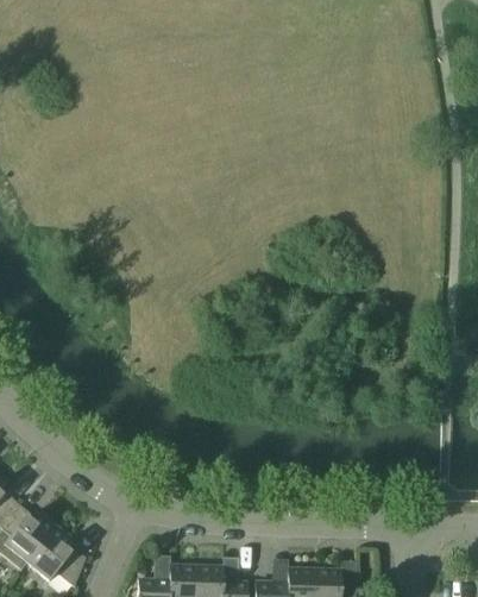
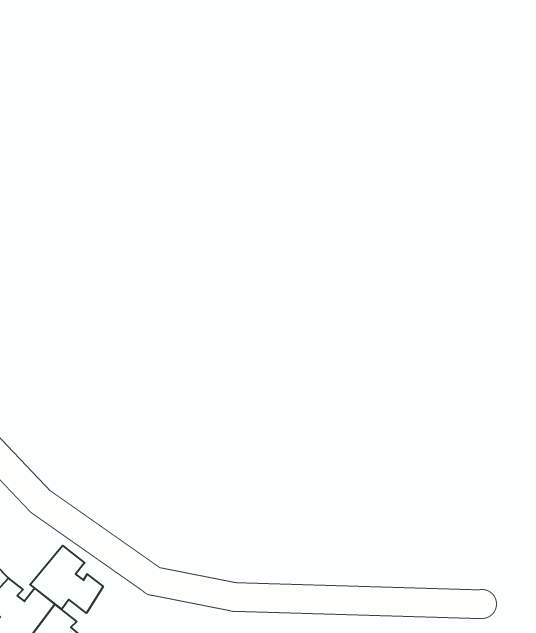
building: none -> [30,546,103,613]

